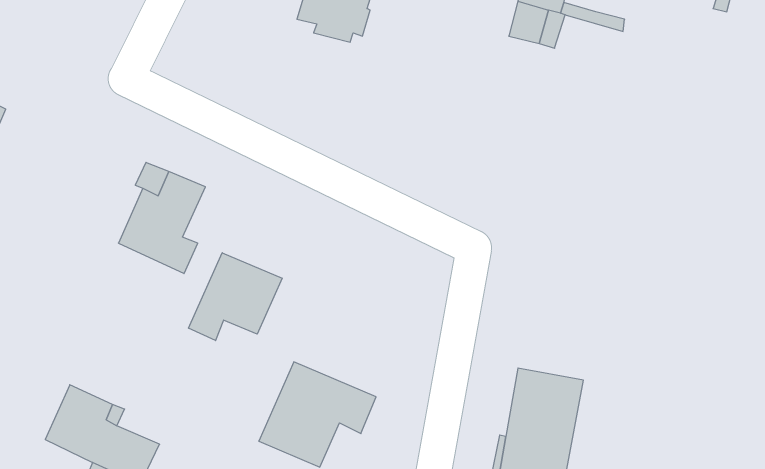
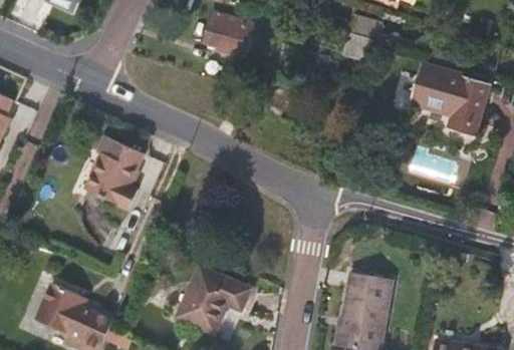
building: none -> [410,62,489,135]
building: [189,253,282,341] -> none

